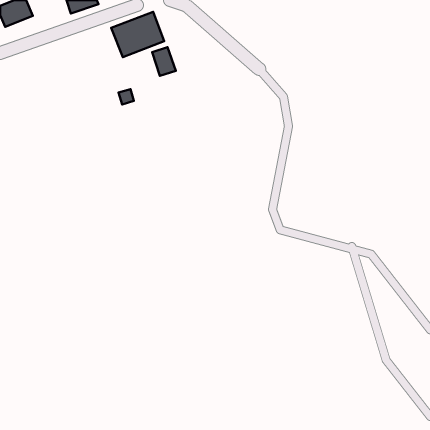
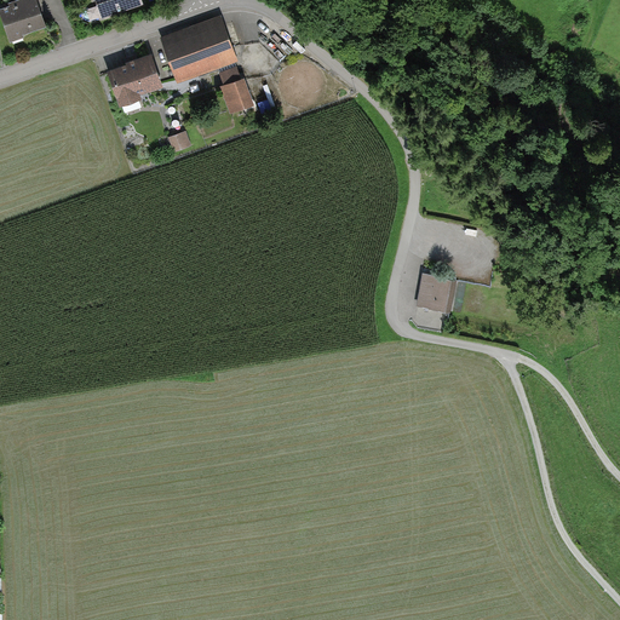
building: none -> [103,53,162,104]
building: none -> [415,275,455,314]

